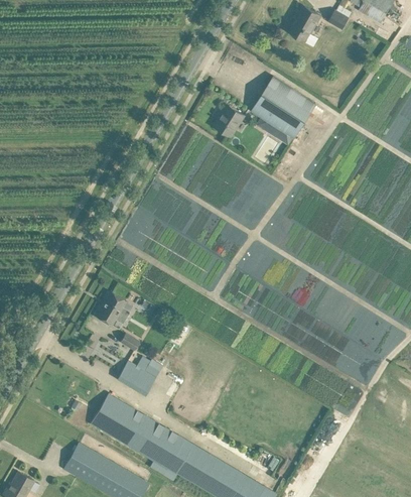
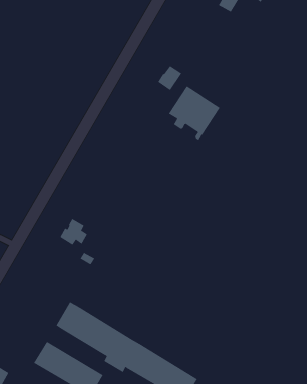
building: [252,76,316,143] -> [168,85,221,141]
building: [117,360,155,393] -> none

